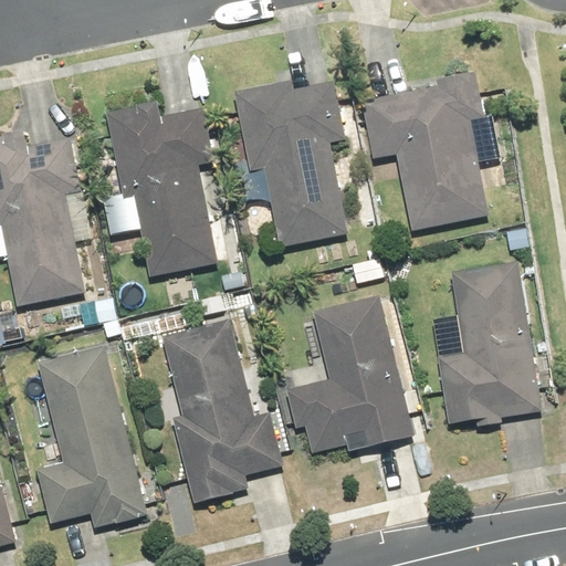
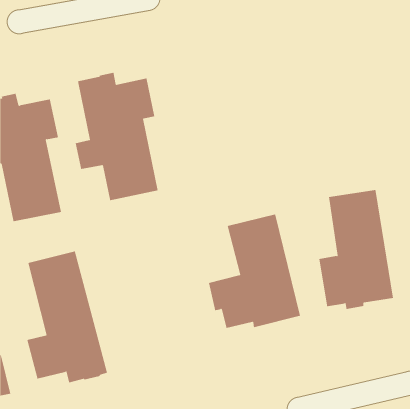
building: [361,71,489,230] -> none
building: [233,80,348,245] -> none
building: [161,318,283,502] -> none

